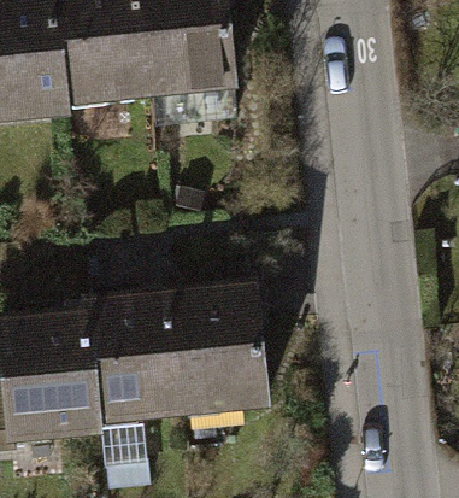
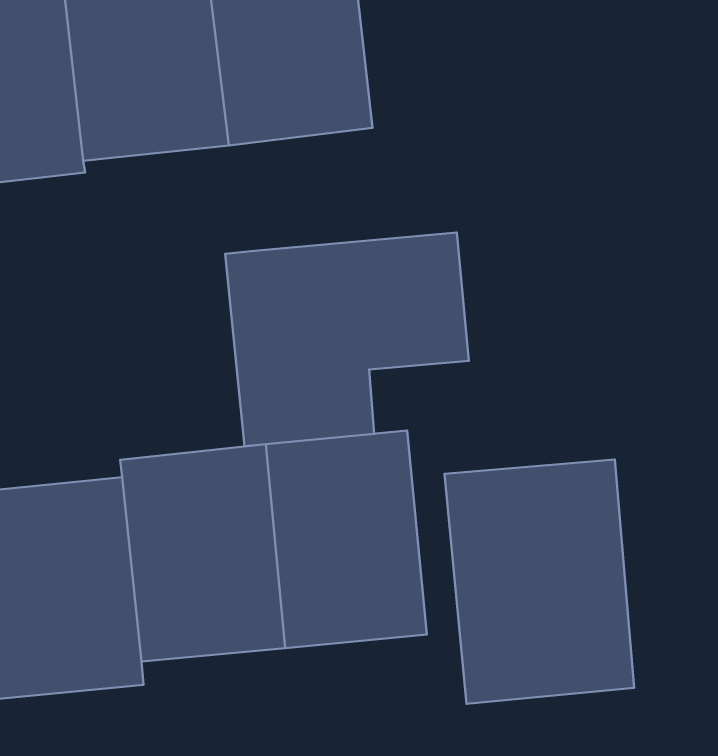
building: none -> [225,232,469,446]
building: none -> [445,459,634,704]

